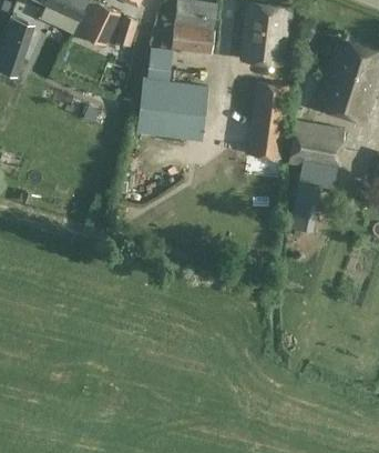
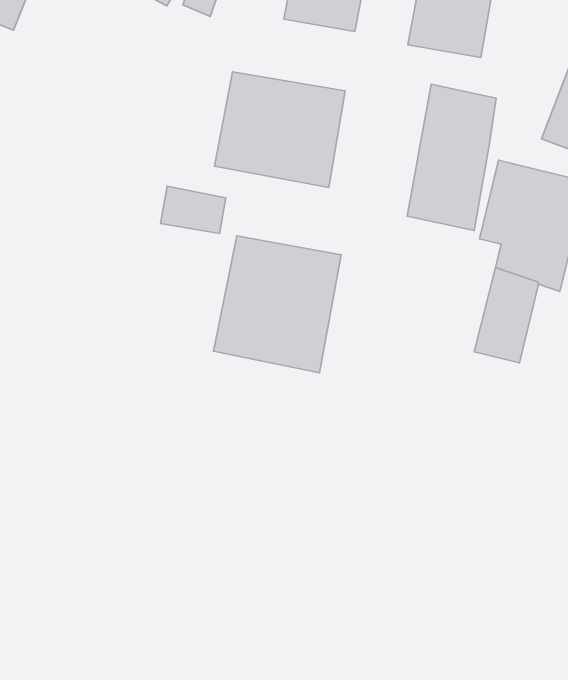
building: [148,49,173,80] -> none
building: none -> [160,186,226,234]
building: none -> [214,236,341,373]

